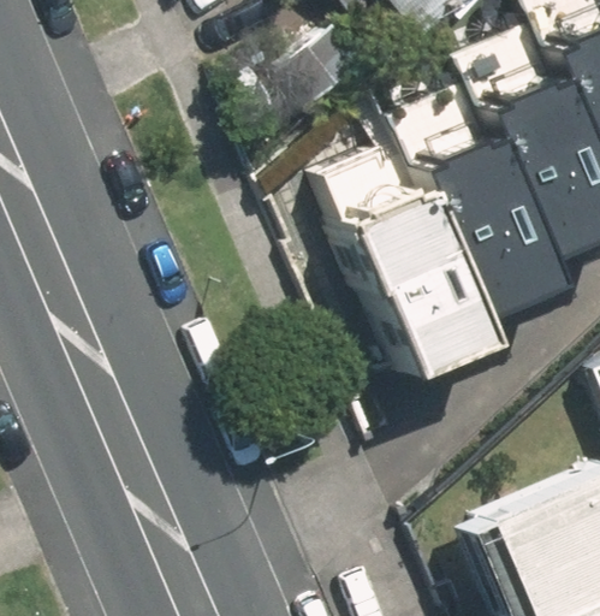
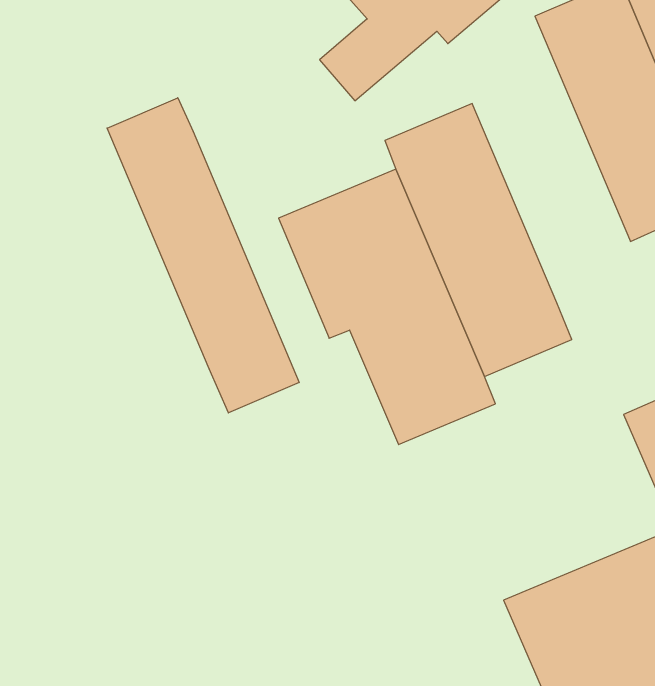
building: [433,17,581,270] -> none
building: none -> [107,98,299,413]

